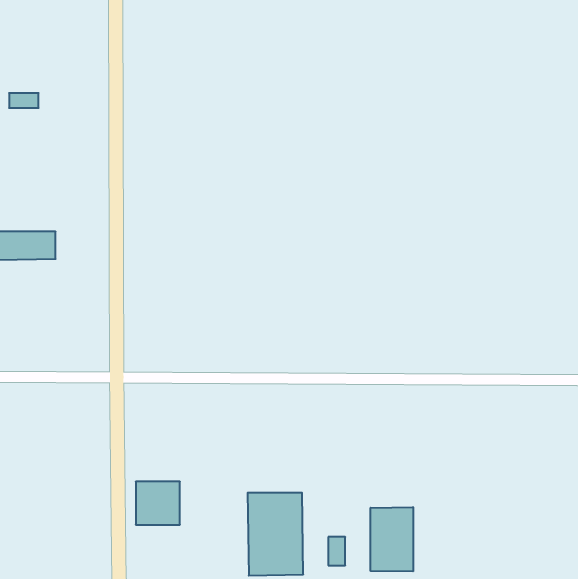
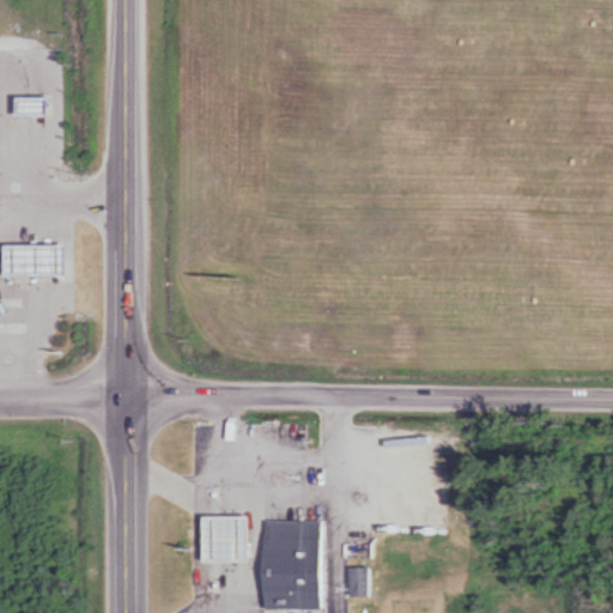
building: [136,482,180,525] -> [198,518,244,564]
building: [371,507,413,571] -> none

